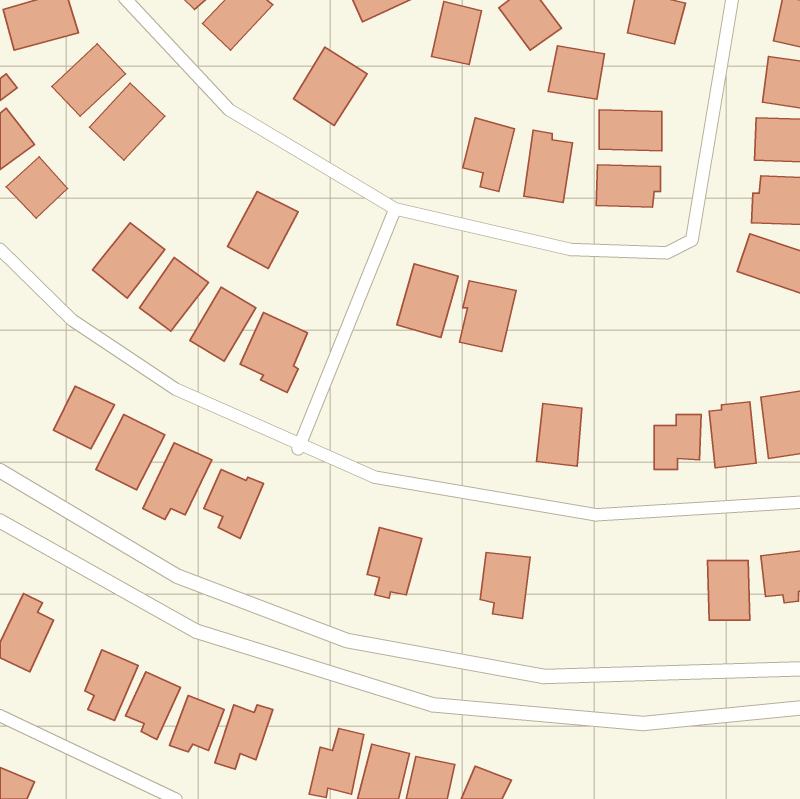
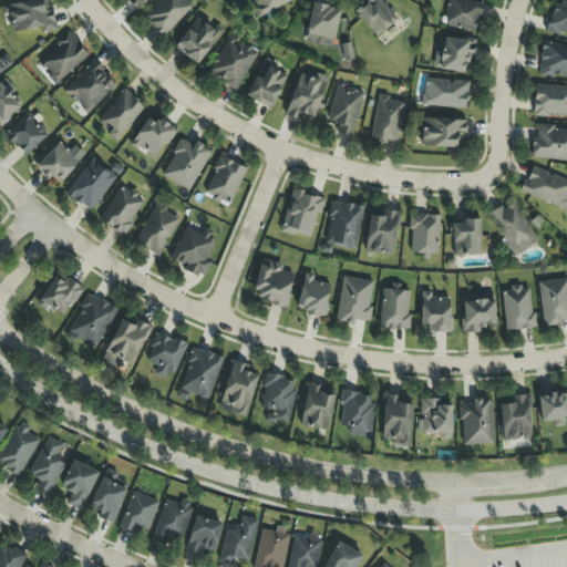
building: none -> [175,13,223,63]
building: [548,46,605,99] -> [434,34,474,72]
building: none -> [248,56,289,106]
building: none -> [287,69,328,118]
building: none -> [96,87,146,138]
building: none -> [131,116,177,158]
building: none -> [37,137,82,184]
building: none -> [205,155,247,204]
building: none -> [491,199,538,255]
building: none -> [364,208,400,254]
building: none -> [411,213,440,251]
building: none -> [452,216,482,254]
building: none -> [254,257,296,306]
building: none -> [297,271,332,316]
building: none -> [337,275,375,322]
building: none -> [421,290,451,331]
building: none -> [179,346,225,399]
building: none -> [218,358,259,415]
building: none -> [300,382,337,430]
building: none -> [381,393,413,445]
building: none -> [462,396,494,443]
building: none -> [422,398,453,437]
building: none -> [29,434,72,491]
building: none -> [186,514,223,556]

